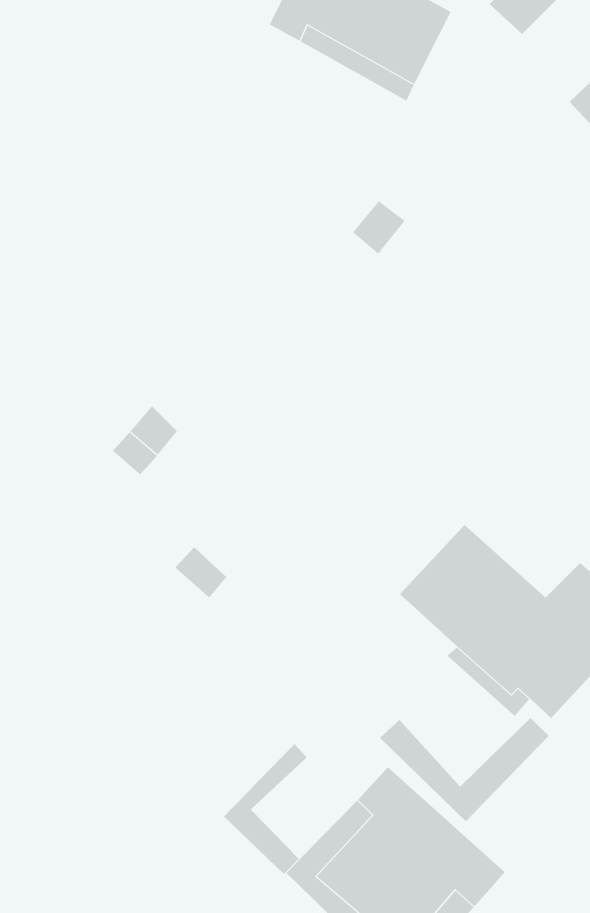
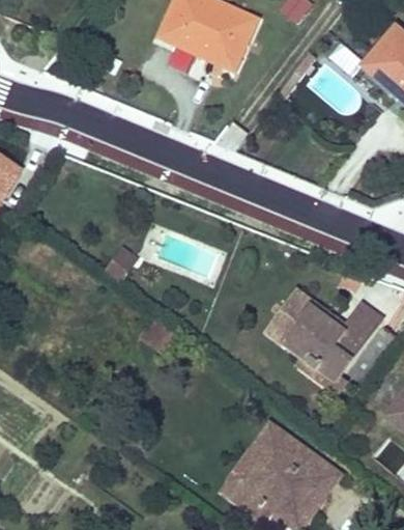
building: [379,717,549,822] -> none
building: [223,743,307,875] -> none

